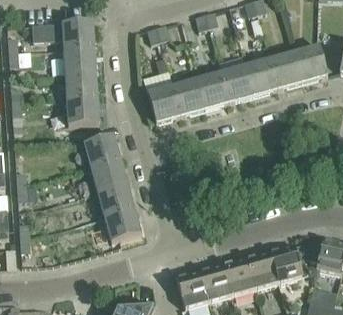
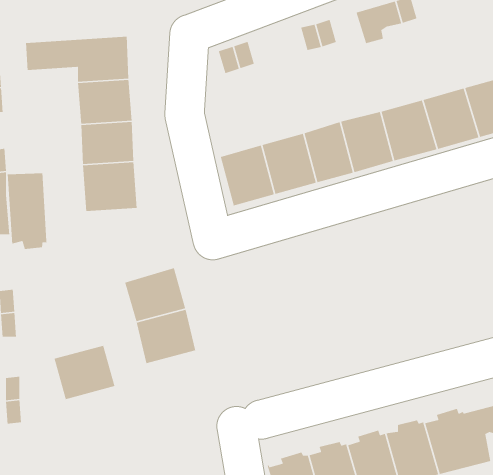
building: none -> [7,172,48,250]
building: [84,136,121,169] -> none
building: [104,210,141,243] -> [54,345,116,400]

